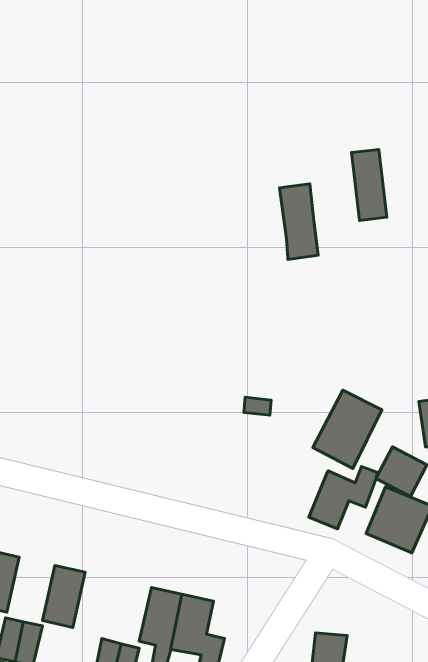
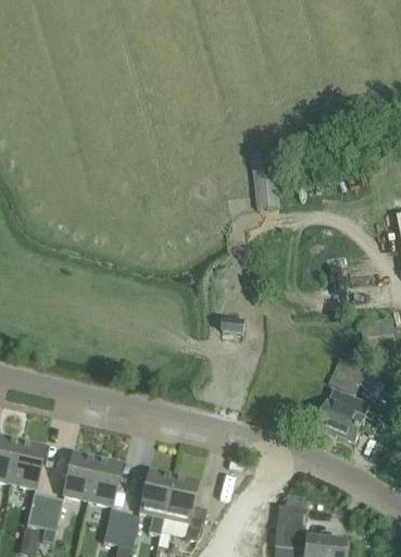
building: [352,149,387,220] -> none
building: [313,390,382,468] -> none
building: [309,466,377,529] -> none
building: none -> [88,457,123,506]

